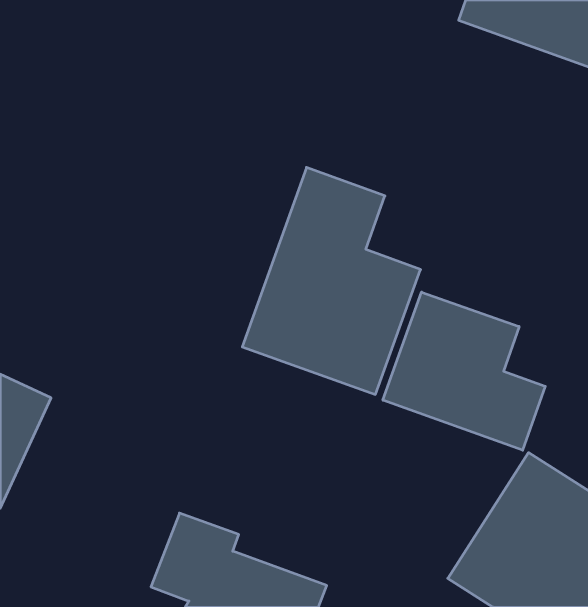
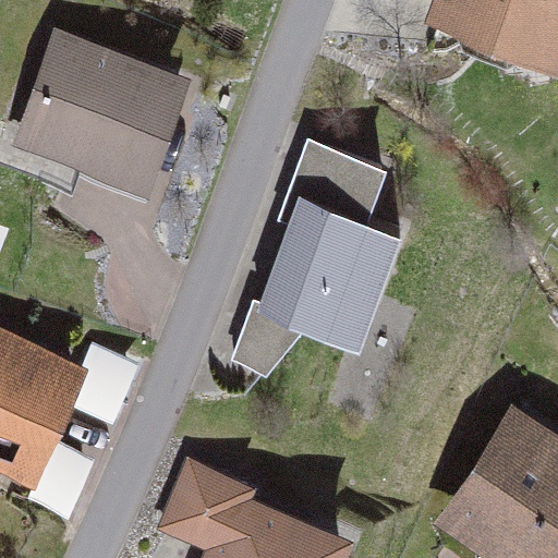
building: none -> [27,28,196,195]
building: [383,292,545,450] -> none

